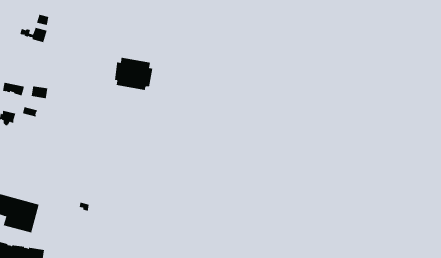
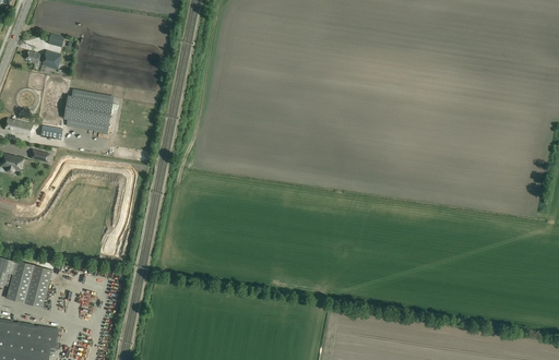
building: [114,57,153,90] -> [63,89,112,131]

